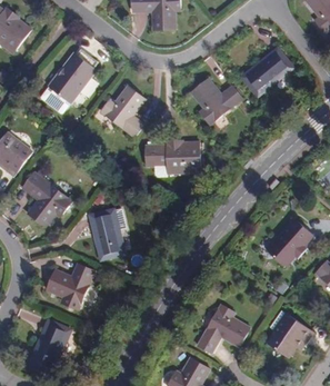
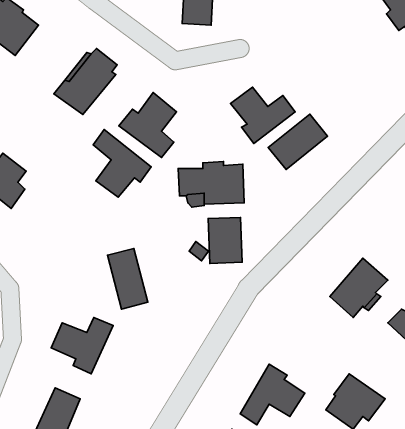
building: [242,51,290,96] -> [268,114,328,169]
building: [23,172,70,227] -> [93,130,151,197]
building: none -> [208,217,242,263]

